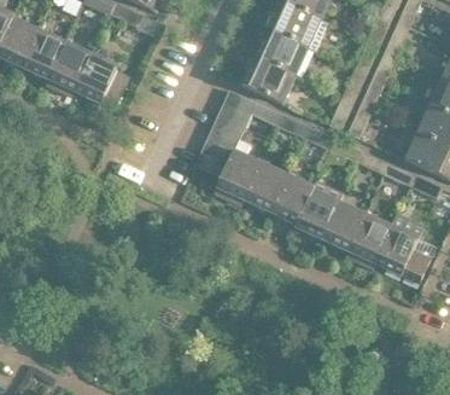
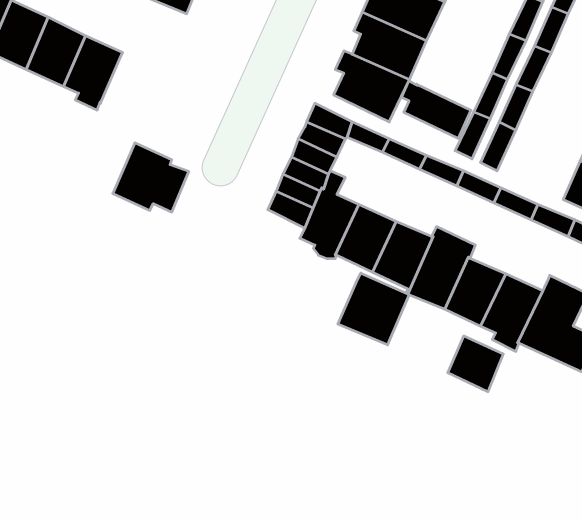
building: [75,54,129,104] -> [113,143,189,212]
building: none -> [402,81,471,138]
building: none -> [338,273,409,345]
building: none -> [448,336,503,392]

